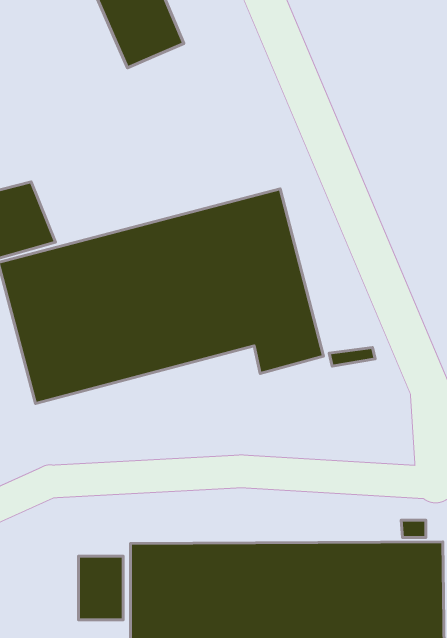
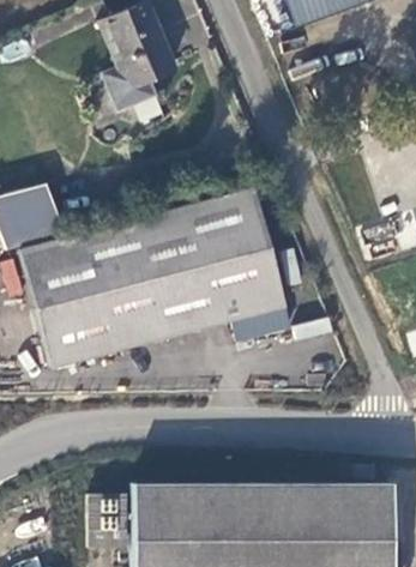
building: none -> [103,66,156,110]

